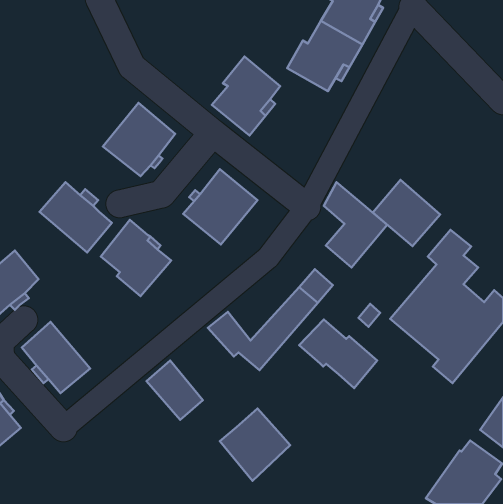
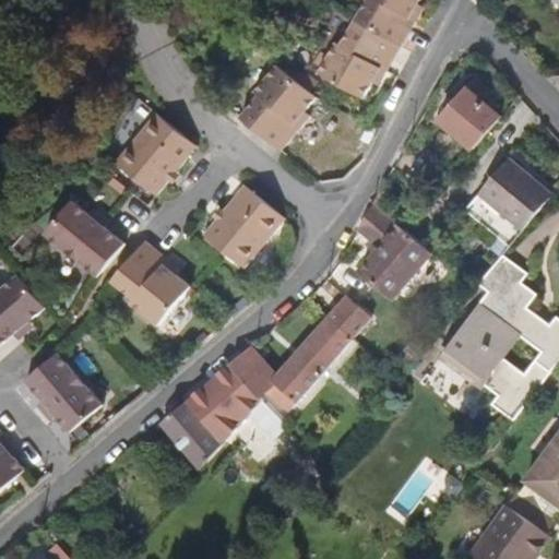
building: none -> [436,76,498,146]
building: [373,180,440,246] -> [474,155,548,228]
building: [299,319,377,388] -> none
building: [220,408,290,481] -> [188,361,265,441]

